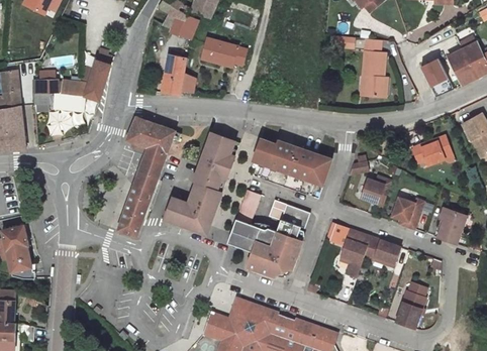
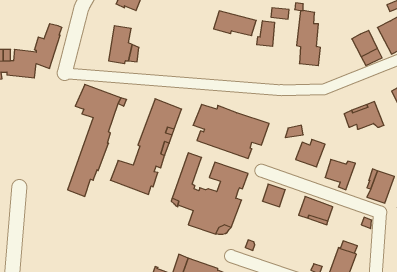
building: [201,38,247,65] -> [214,11,256,36]
building: none -> [257,21,274,46]
building: [340,229,371,276] -> none

